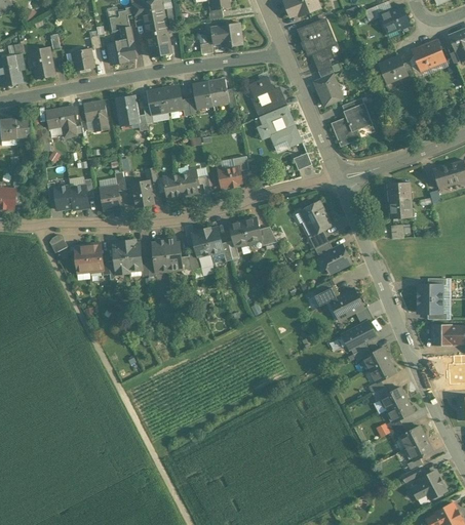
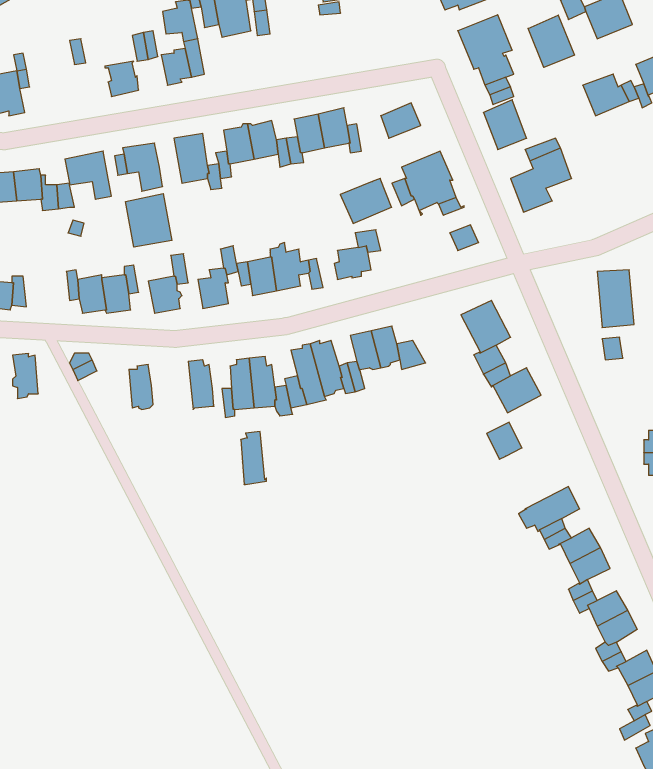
building: none -> [528,15,575,67]
building: [210,22,242,47] -> none
building: [147,29,170,56] -> none
building: [31,46,54,78] -> none
building: [254,87,286,116] -> [340,178,392,223]
building: none -> [126,194,172,247]
building: [113,240,129,274] -> [241,432,266,484]
building: [73,244,89,273] -> [13,354,38,399]
building: [328,288,363,320] -> none

